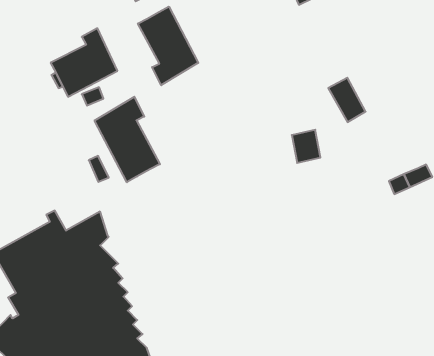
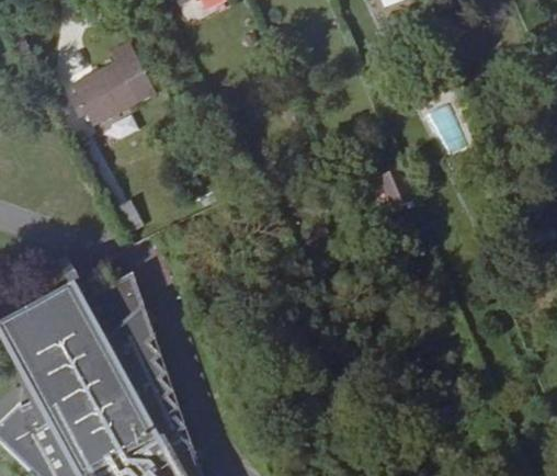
building: [138,7,198,85] -> none
building: [95,97,160,182] -> none

